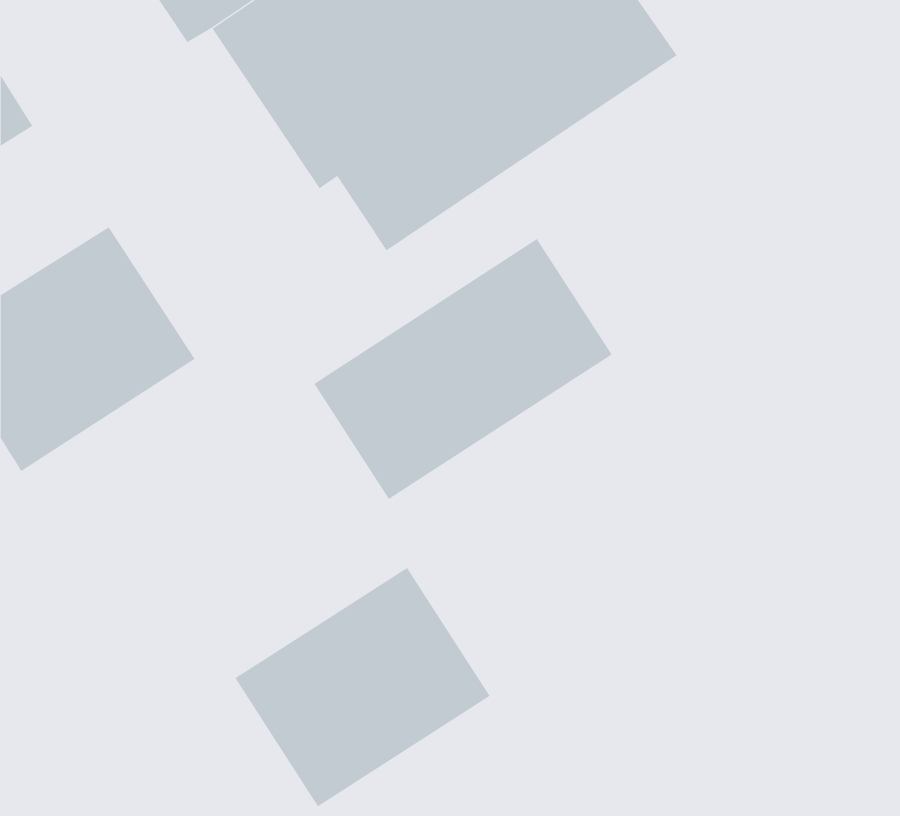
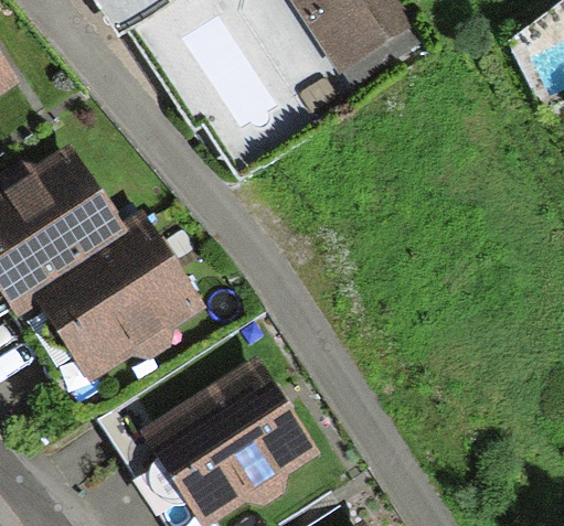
building: [313,238,612,500] -> none
building: none -> [32,219,189,366]

